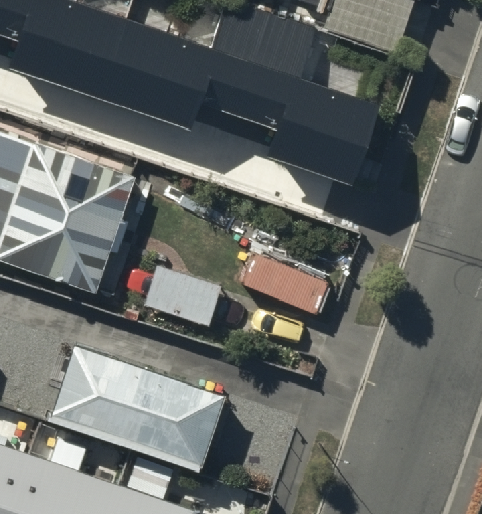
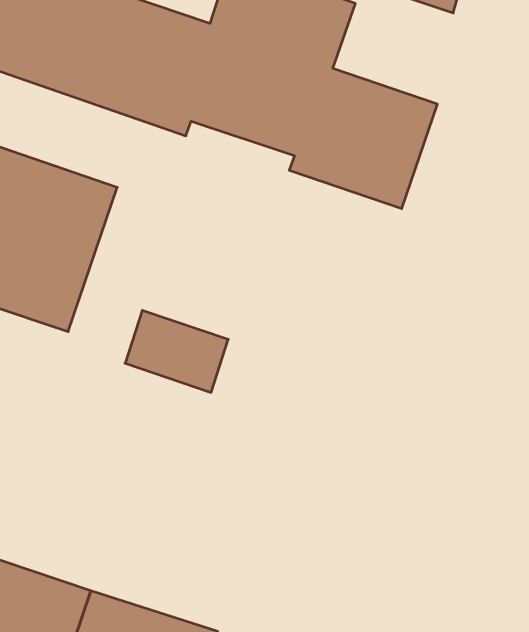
building: [55,348,214,460] -> none

